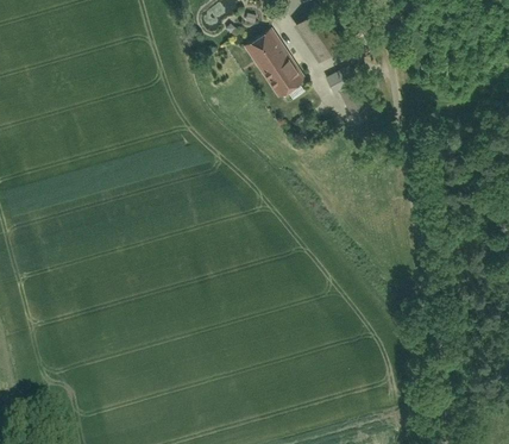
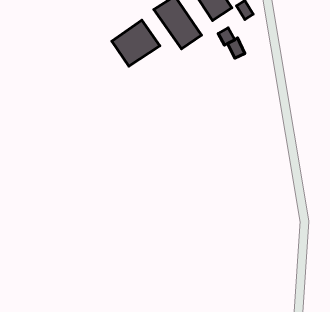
building: none -> [112,20,160,66]

